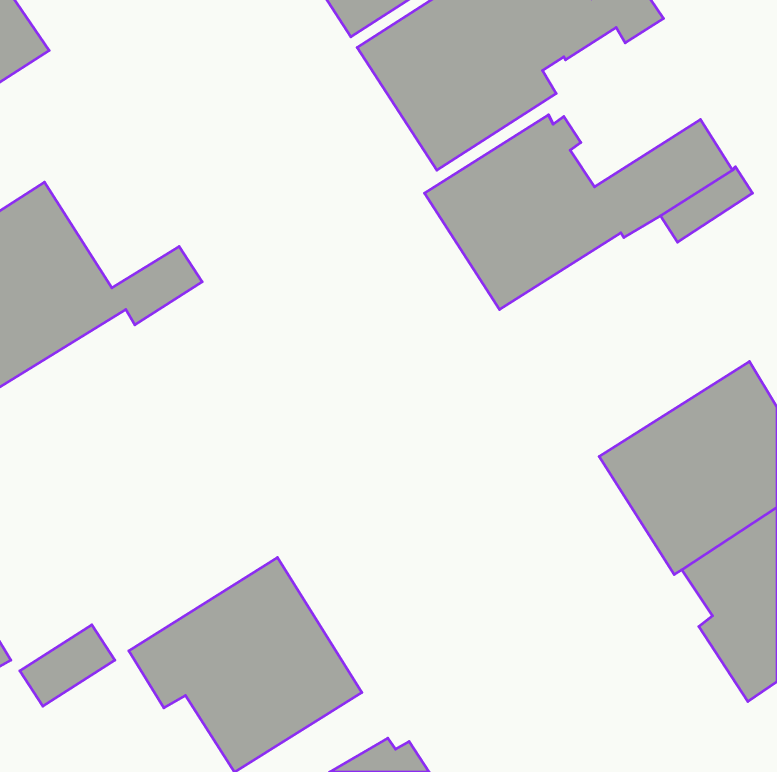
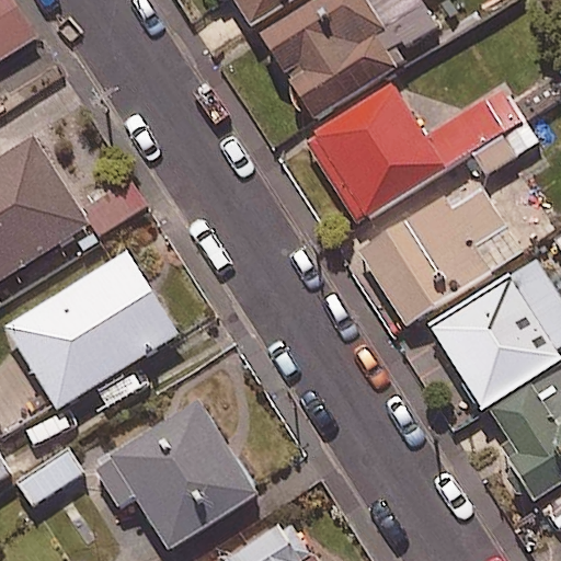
building: none -> [357,186,523,325]
building: none -> [4,251,179,411]

